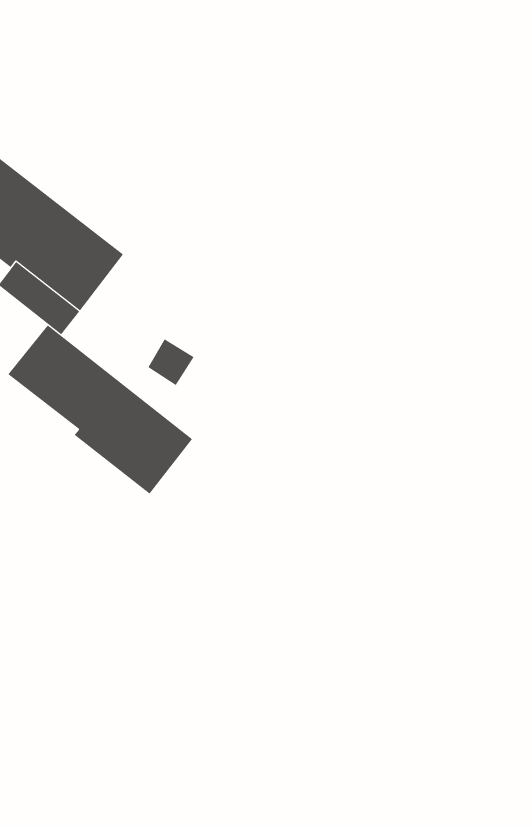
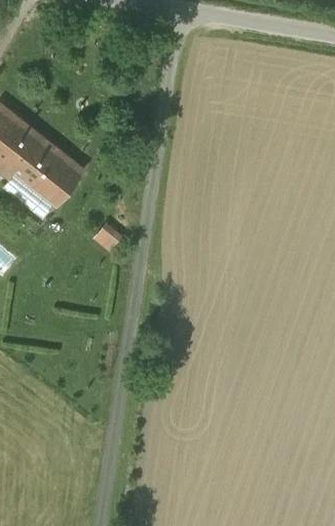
building: [8,324,193,495] -> none

